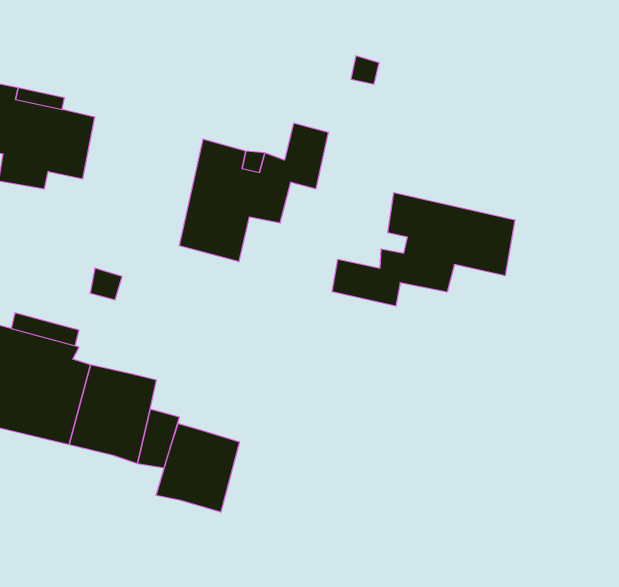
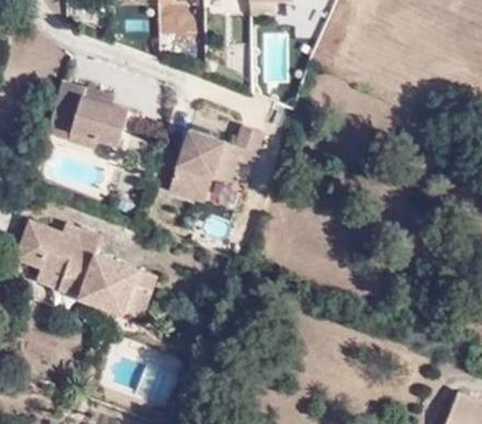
building: [332,193,515,306] -> none
building: [156,423,240,512] -> none

